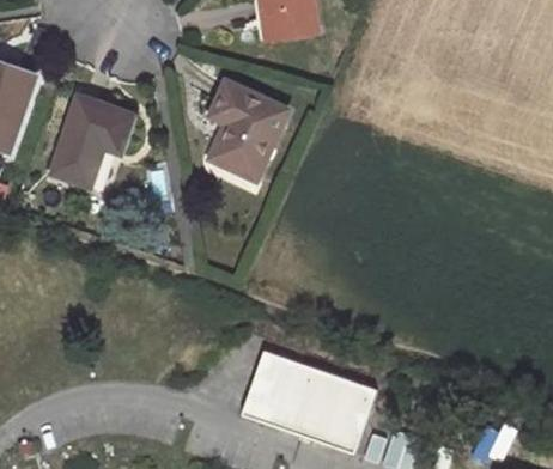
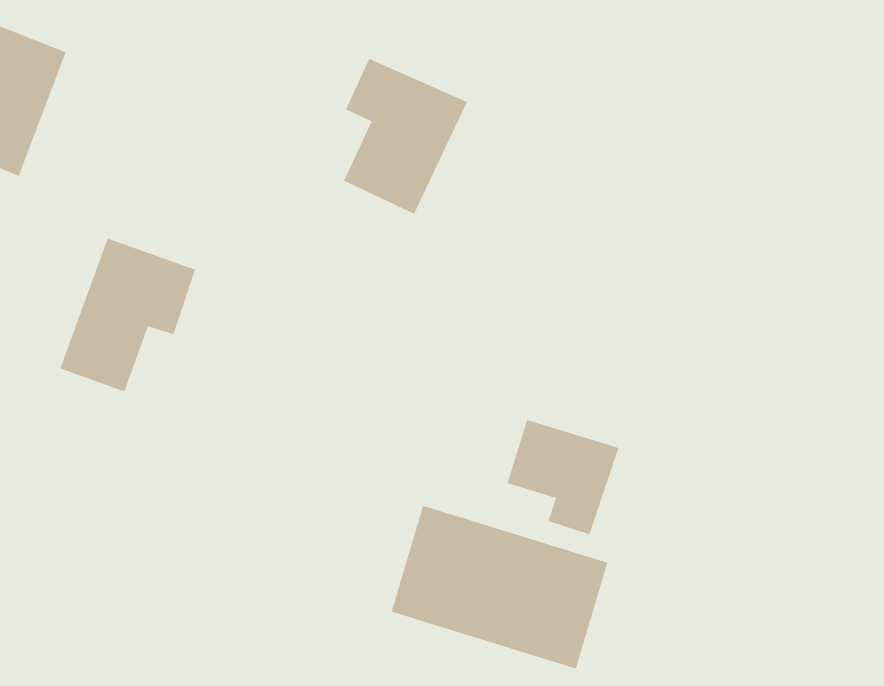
building: [53,95,135,188] -> [60,238,196,392]
building: none -> [507,419,619,535]

